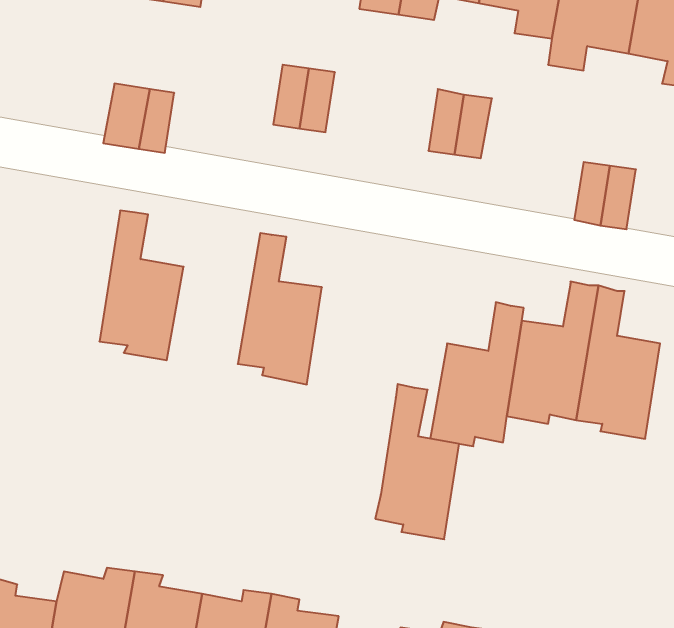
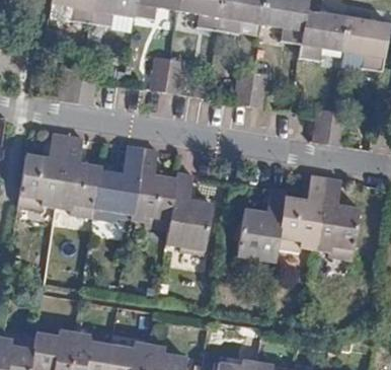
building: none -> [17,133,67,209]
building: none -> [92,145,143,221]
building: [375,384,459,539] -> [165,170,211,254]

